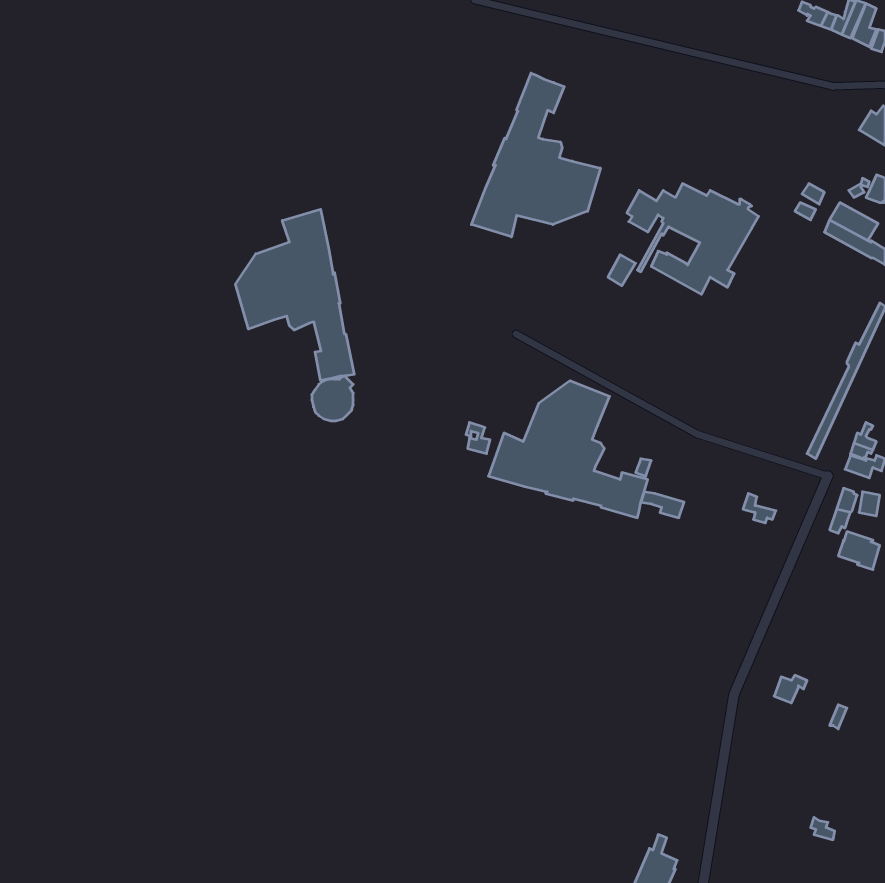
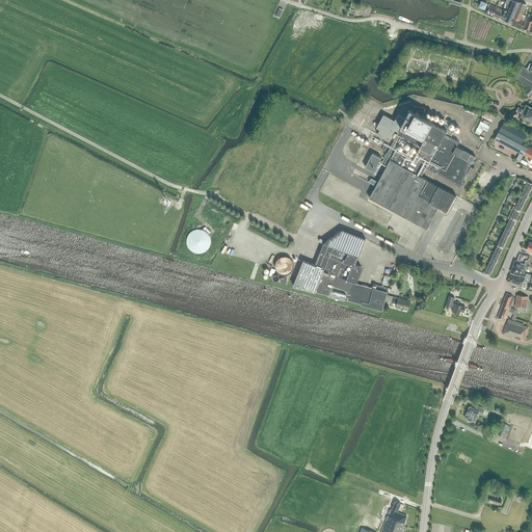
building: [471,73,600,237] -> none
building: [235,209,354,381] -> none
building: none -> [441,147,475,188]
building: none -> [369,161,456,230]

